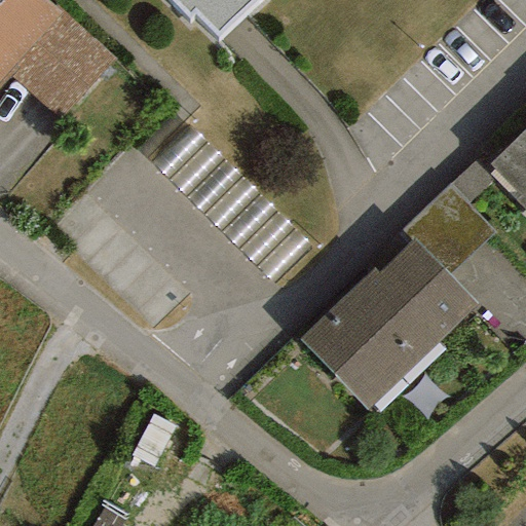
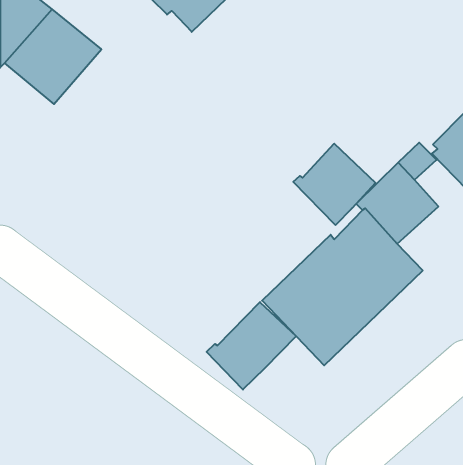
building: none -> [293,144,375,225]
building: none -> [207,302,296,390]

